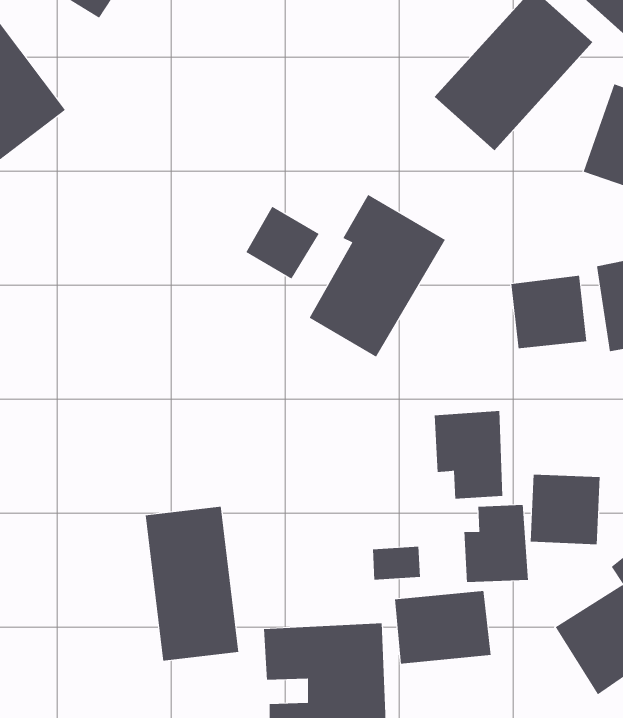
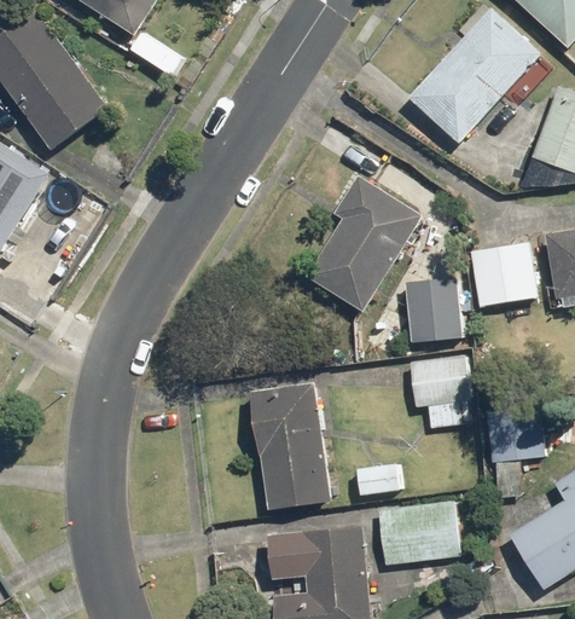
building: [245,206,320,280] -> none
building: none -> [406,282,463,343]
building: [464,504,529,583] -> none
building: [145,506,239,661] -> [254,383,331,510]

